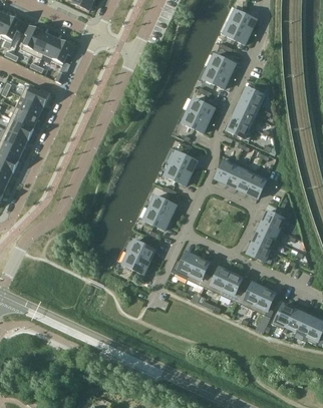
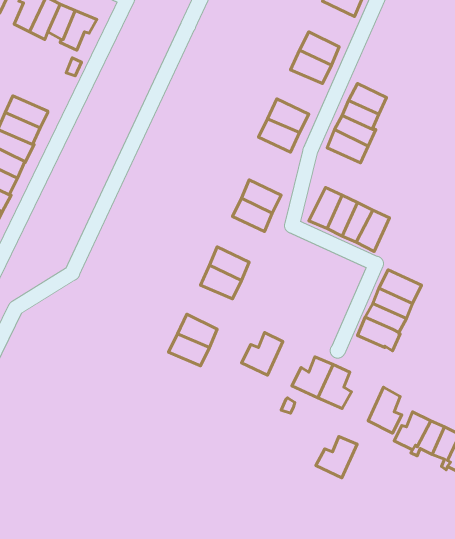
building: [20,83,50,106] -> none
building: [188,257,210,286] -> none
building: [237,282,264,309] -> [316,437,357,478]

